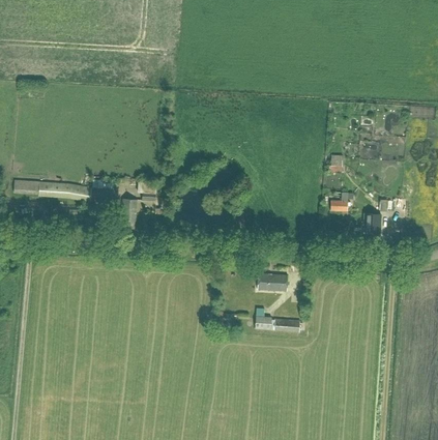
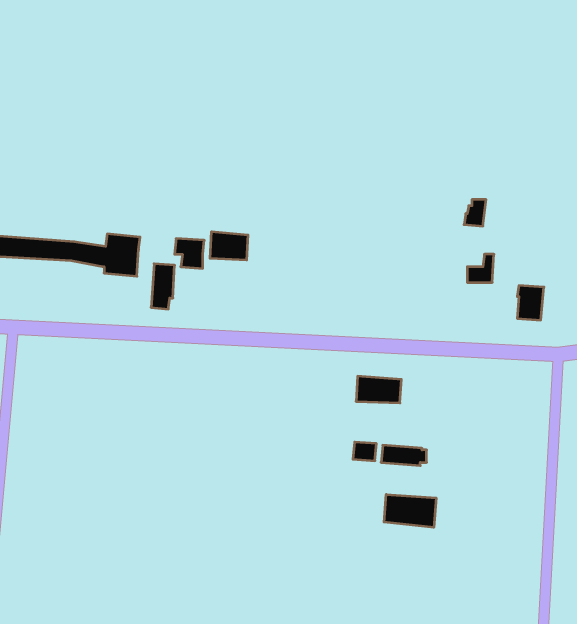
building: none -> [210,232,248,260]
building: none -> [384,494,436,527]

